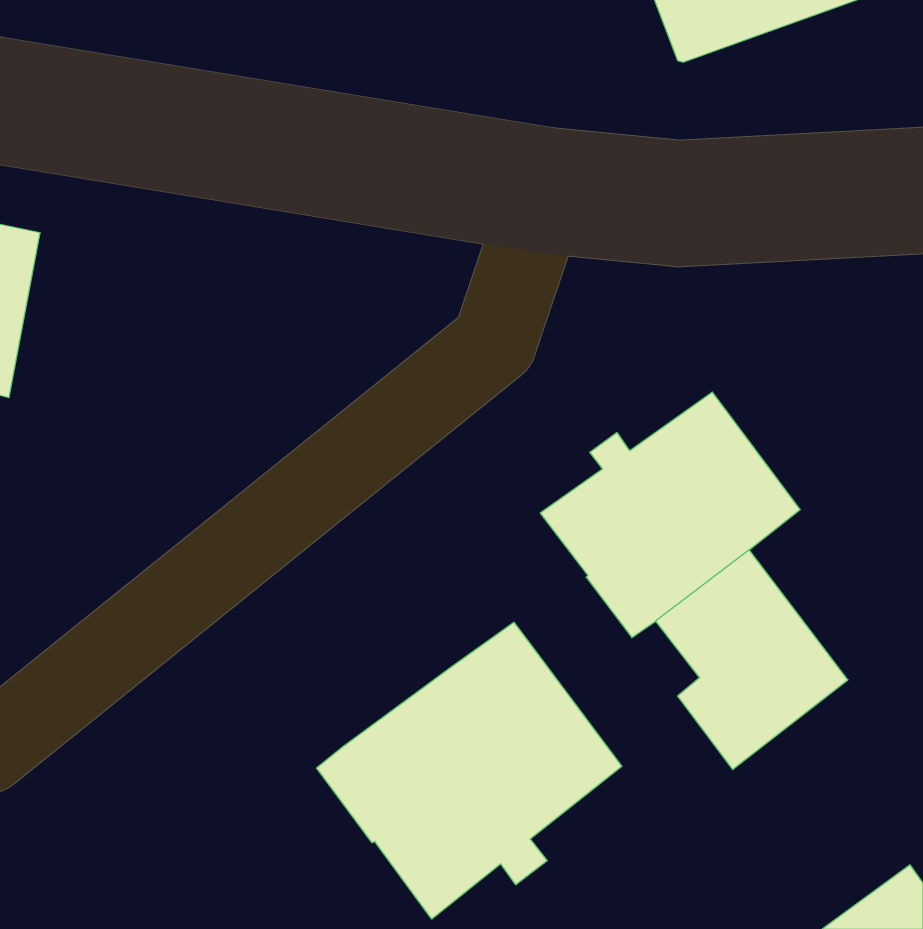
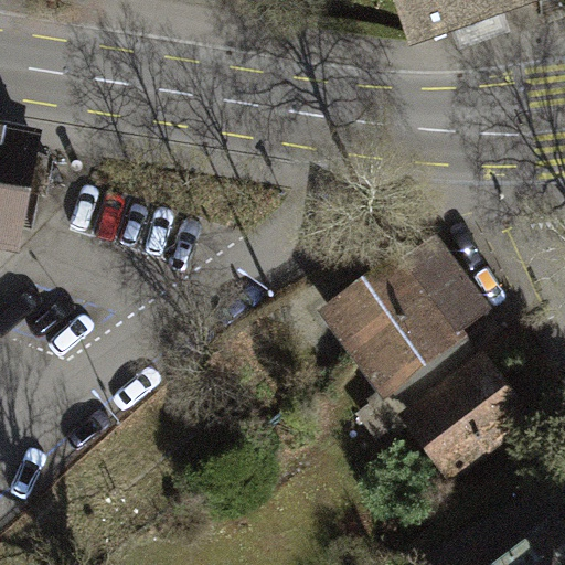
building: [317,622,622,919] -> none

